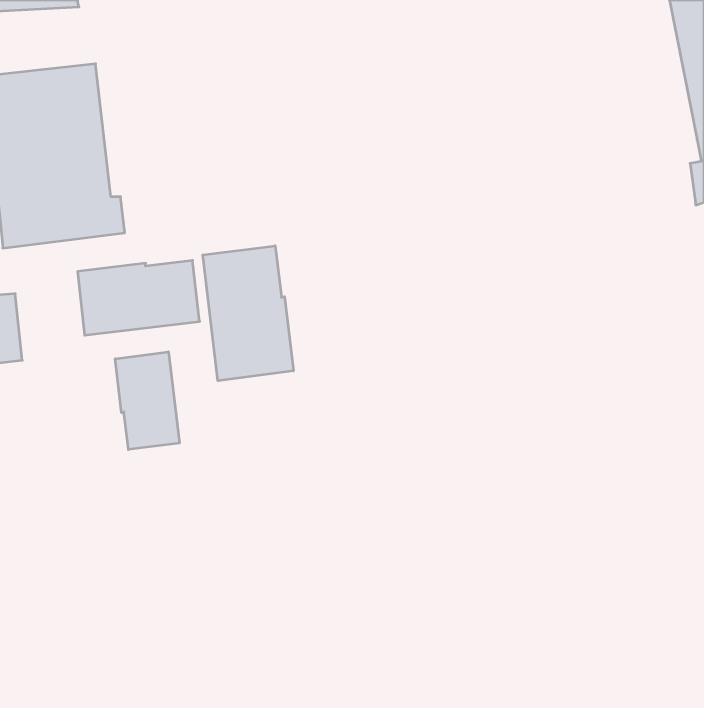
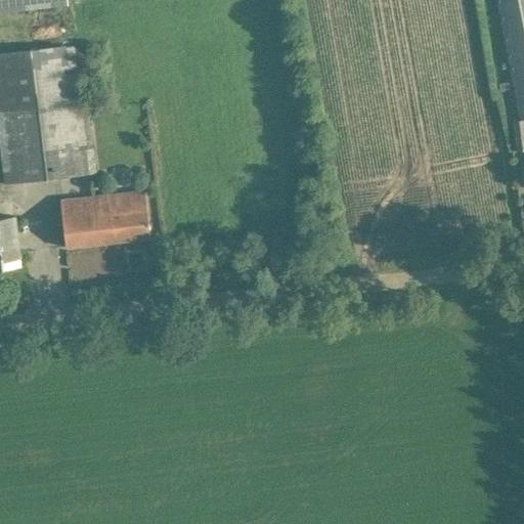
building: [203,246,293,381] -> none
building: [115,352,179,450] -> none

